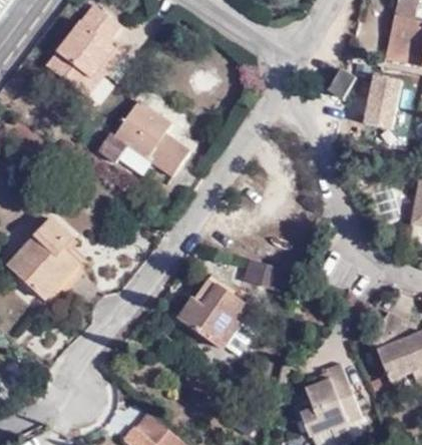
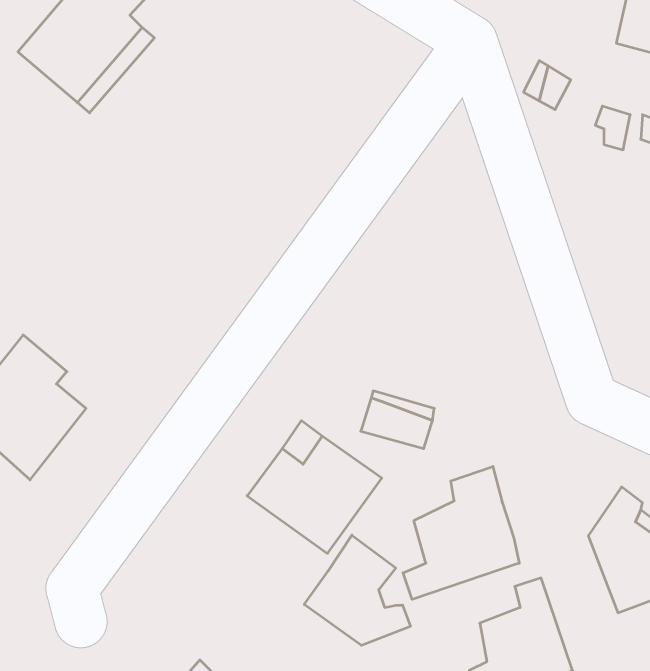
building: [96,101,187,176] -> none
building: none -> [403,466,519,599]
building: none -> [304,535,410,645]

